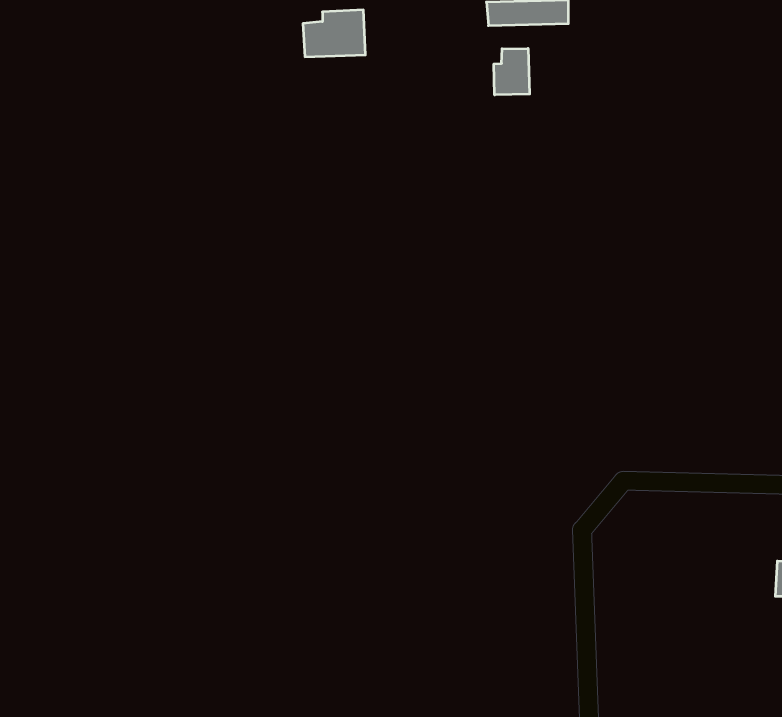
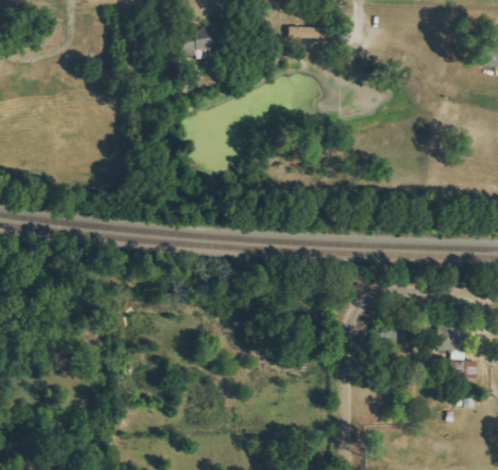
building: [494,48,530,95] -> none

